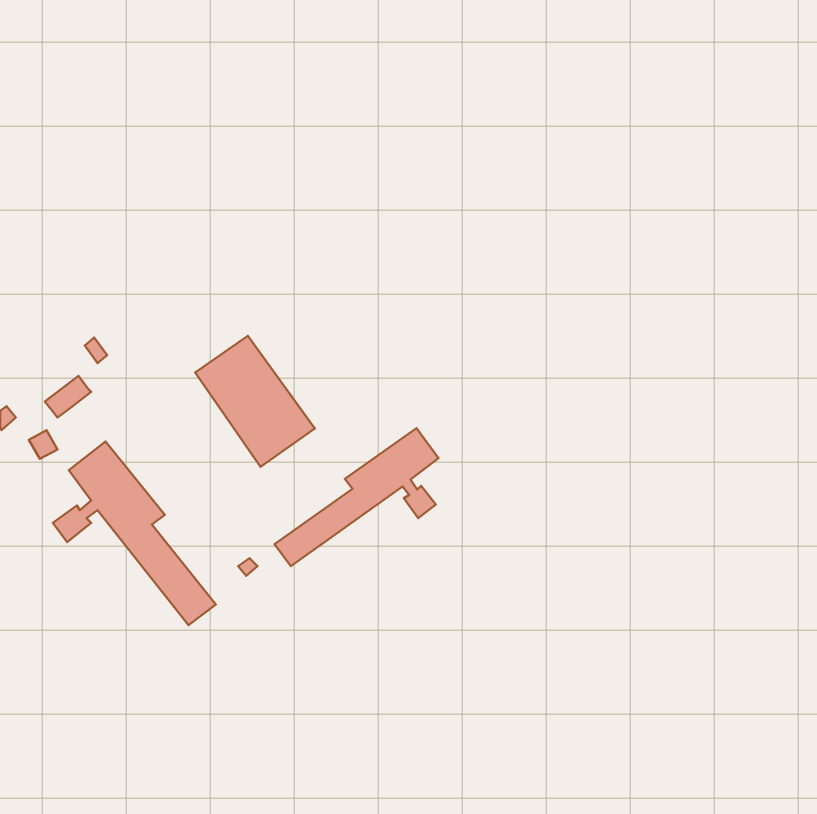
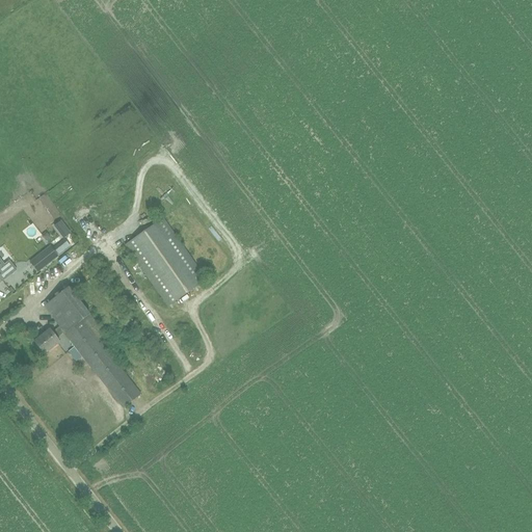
building: [275,428,439,566] -> none

